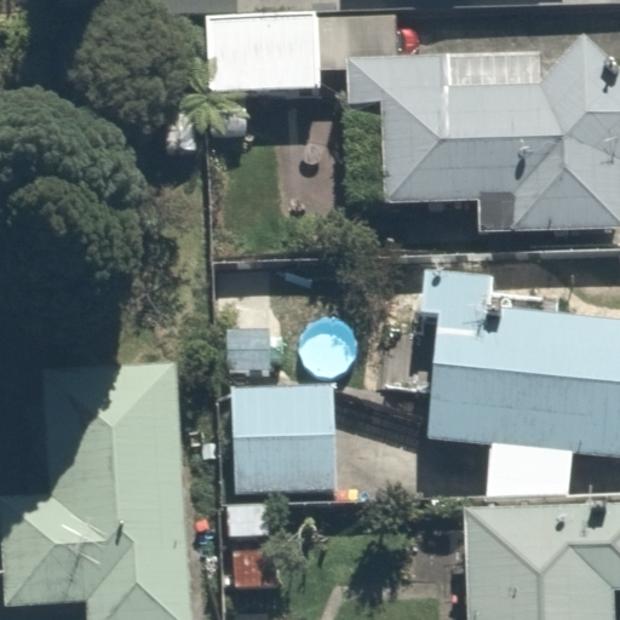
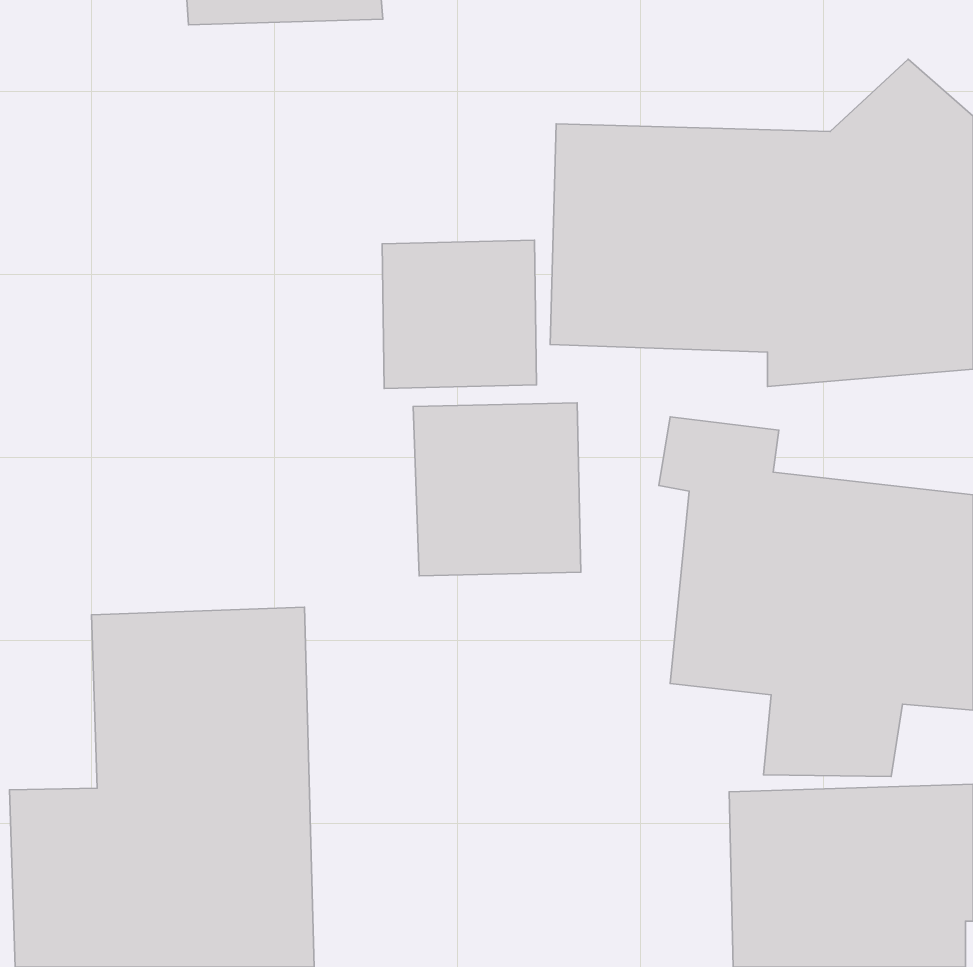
building: [217,17,315,111] -> [382,240,536,389]
building: [230,380,337,490] -> [413,403,581,576]

